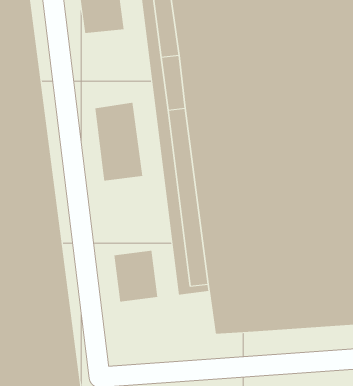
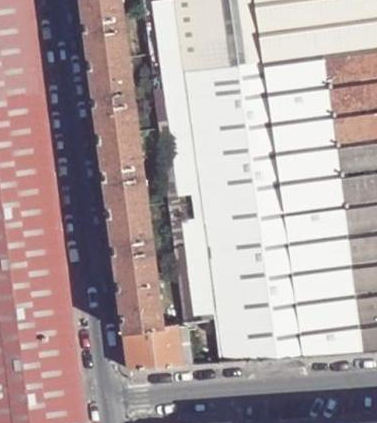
building: none -> [90,59,139,138]
building: none -> [109,206,158,285]
building: none -> [125,325,185,370]

